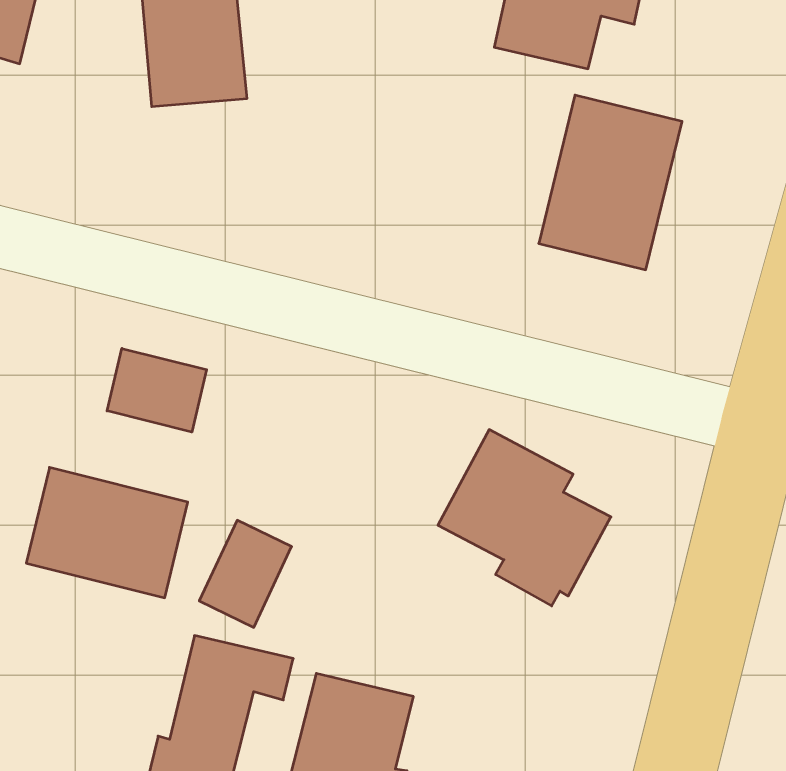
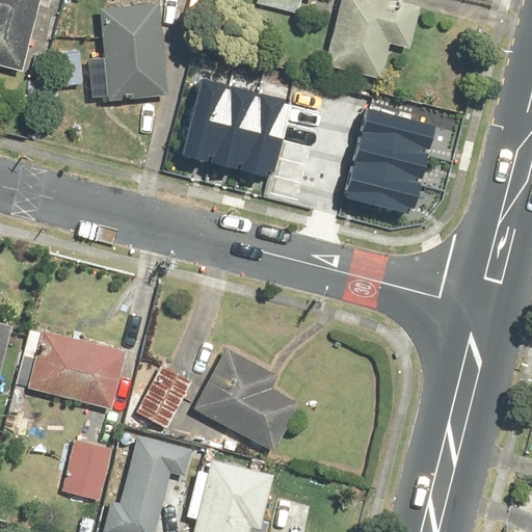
building: none -> [183,68,292,174]
building: [107,348,207,432] -> none
building: [438,430,611,606] -> [190,349,299,460]
building: none -> [60,440,113,502]

